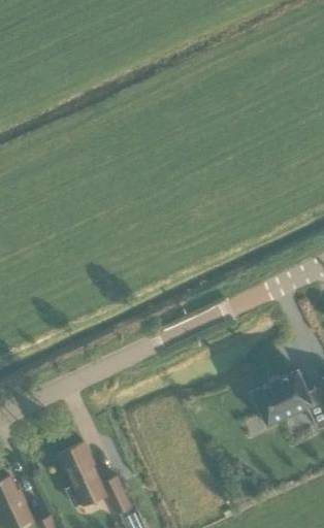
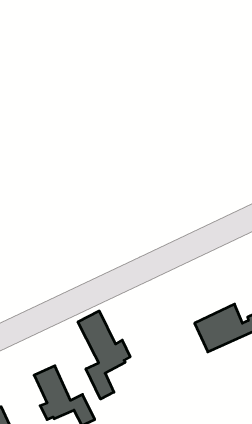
building: none -> [78,311,130,399]

